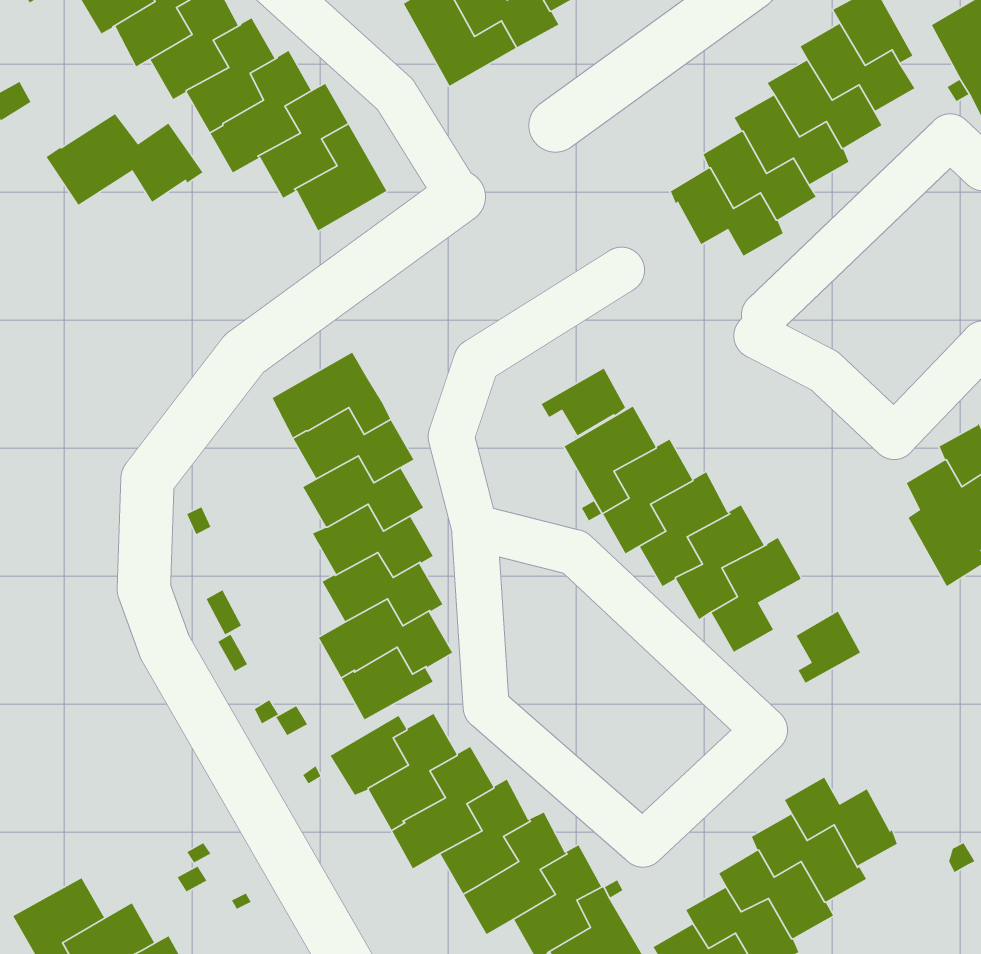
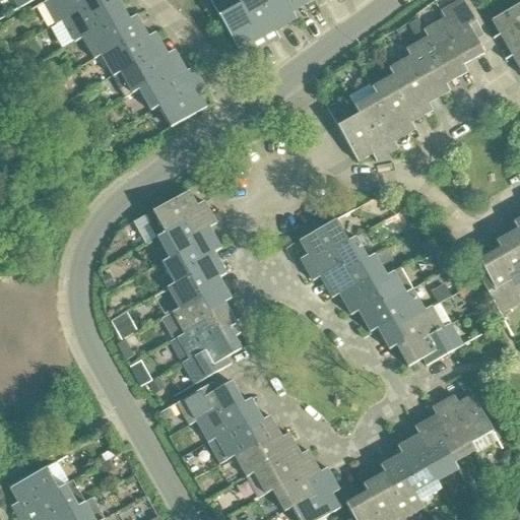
building: [46,113,204,206] -> none
building: none -> [337,111,394,159]
building: [541,367,626,436] -> none
building: none -> [396,304,444,365]
building: none -> [437,392,493,441]

